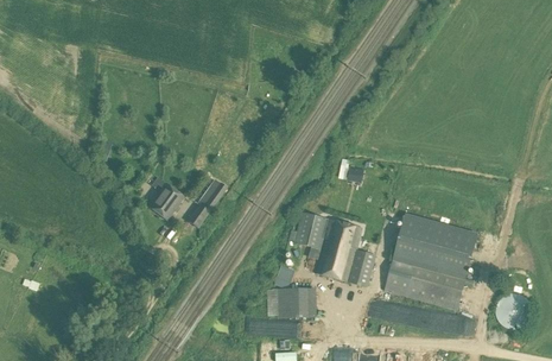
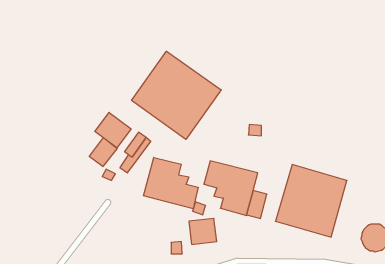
building: none -> [132,51,221,139]
building: none -> [95,112,131,148]
building: none -> [143,157,198,209]

